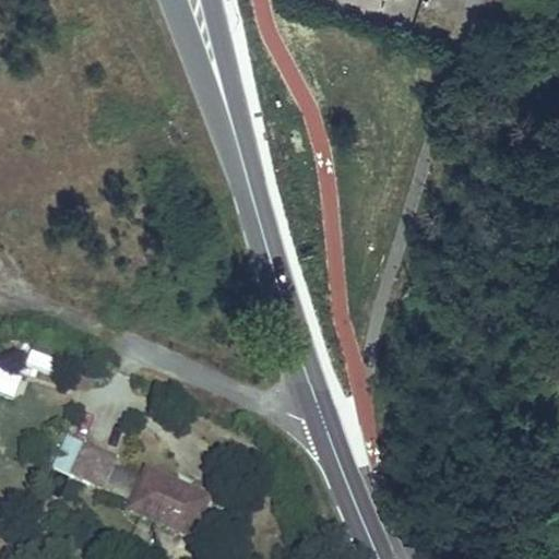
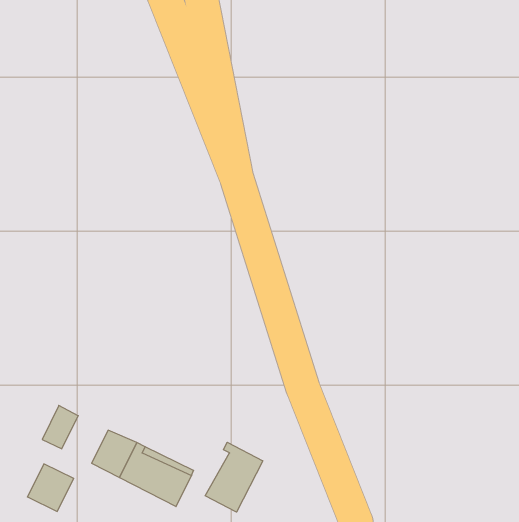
building: [73,440,122,490] -> [27,464,74,511]
building: none -> [205,442,263,512]

